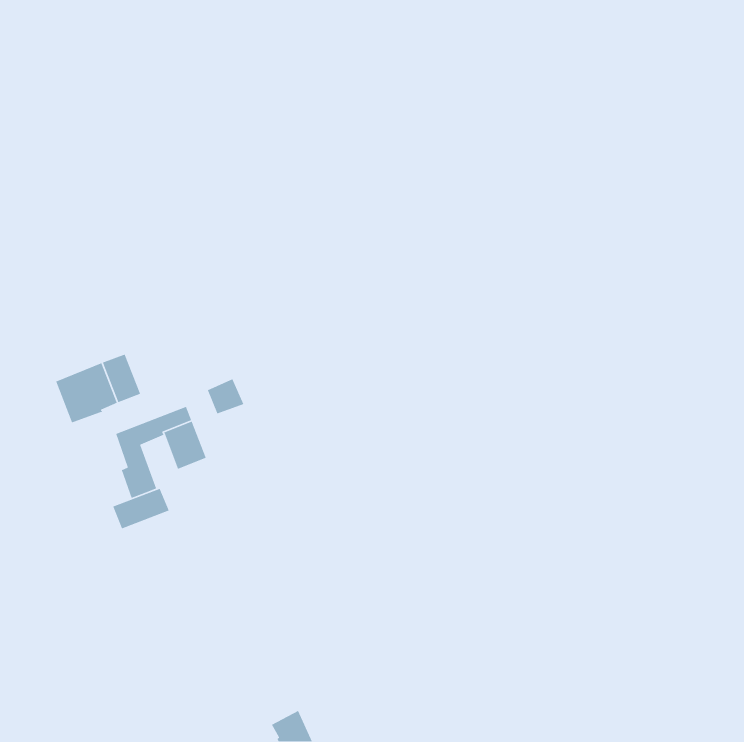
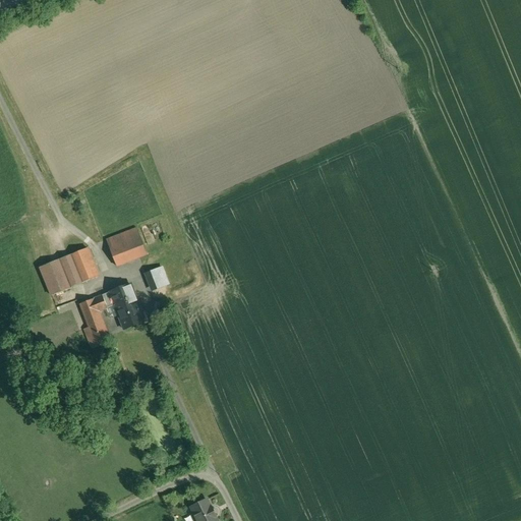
building: none -> [106,227,148,266]
building: [112,488,170,529] -> none

